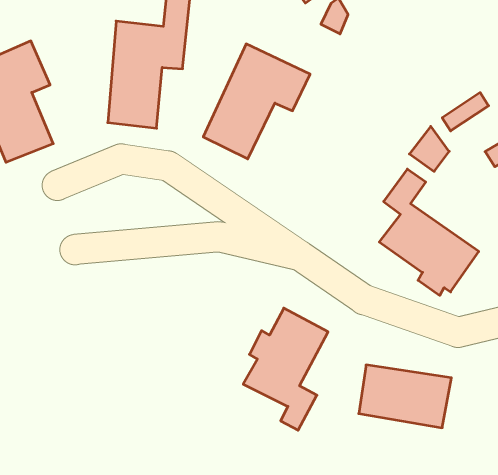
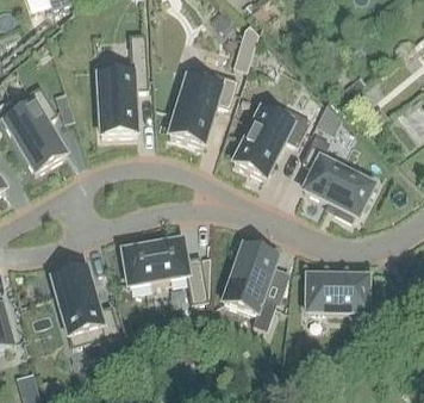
building: none -> [235,99,311,179]
building: none -> [123,241,208,304]
building: none -> [52,268,119,347]

